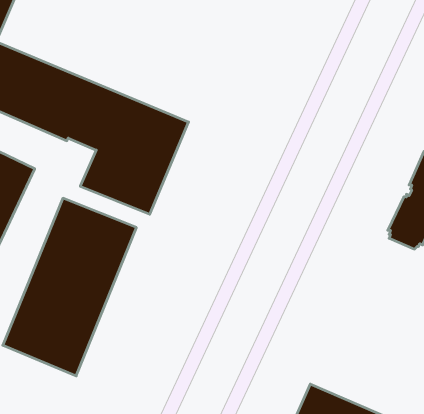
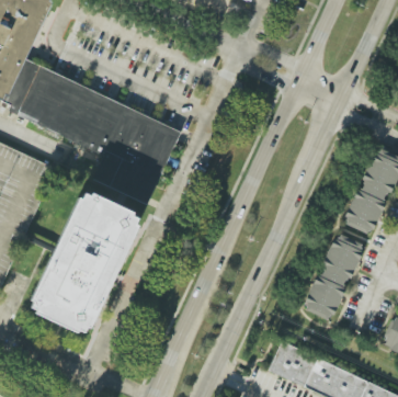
building: none -> [304,230,362,317]

